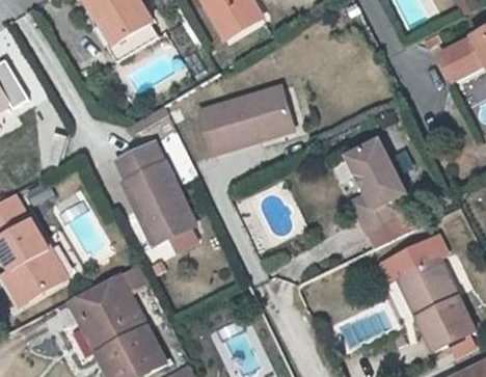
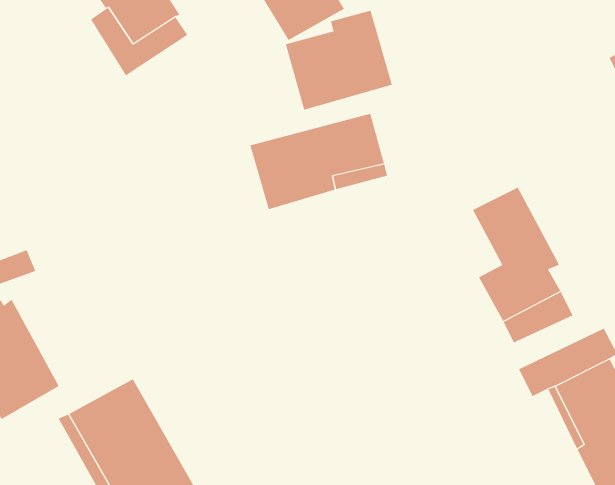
building: none -> [285,10,393,111]
building: [116,145,194,248] -> none

